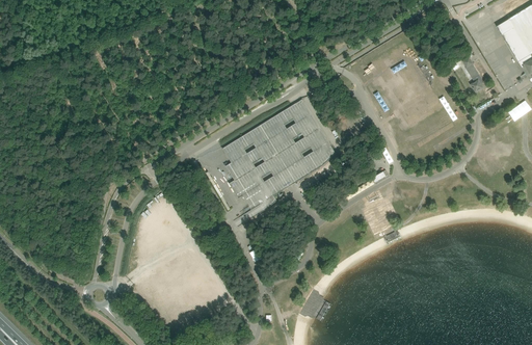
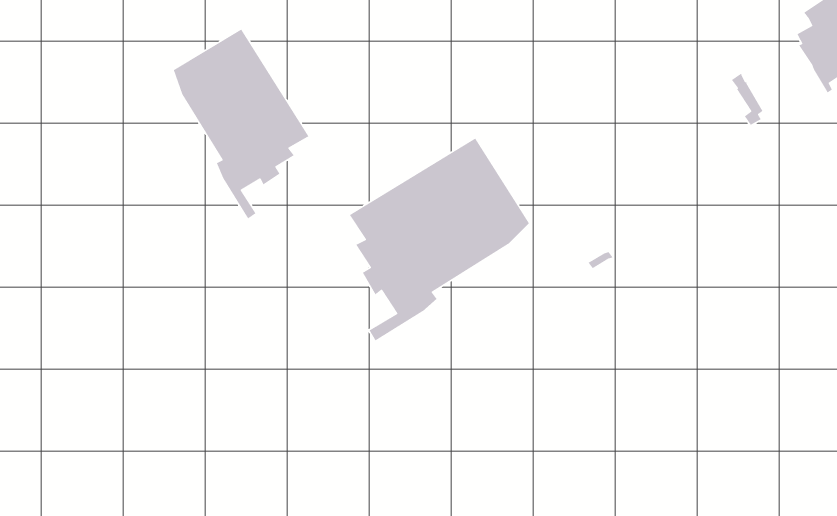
building: none -> [173,28,309,219]

